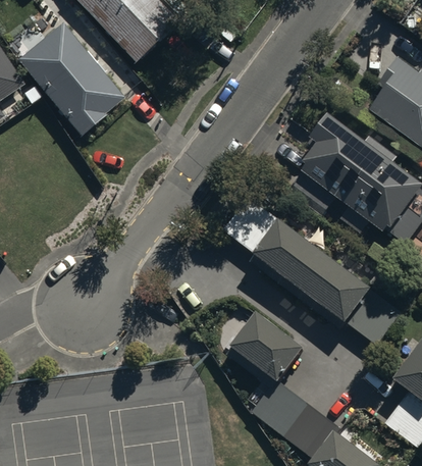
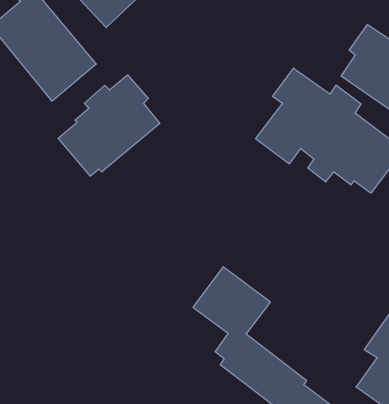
building: none -> [58,75,160,176]
building: [224,197,403,345] -> none

